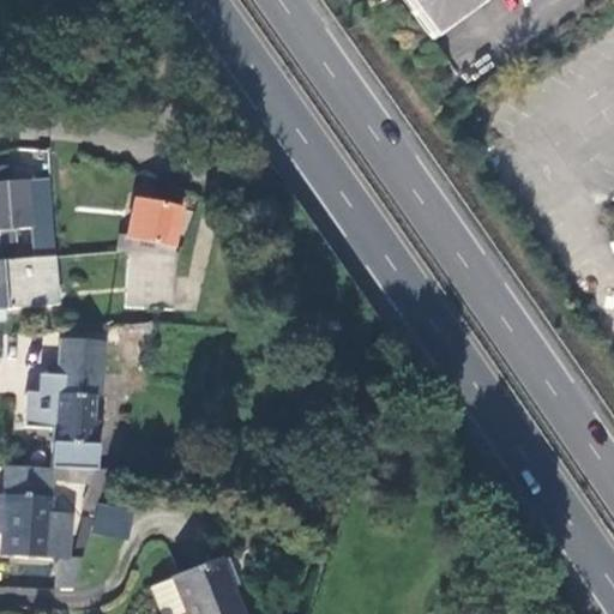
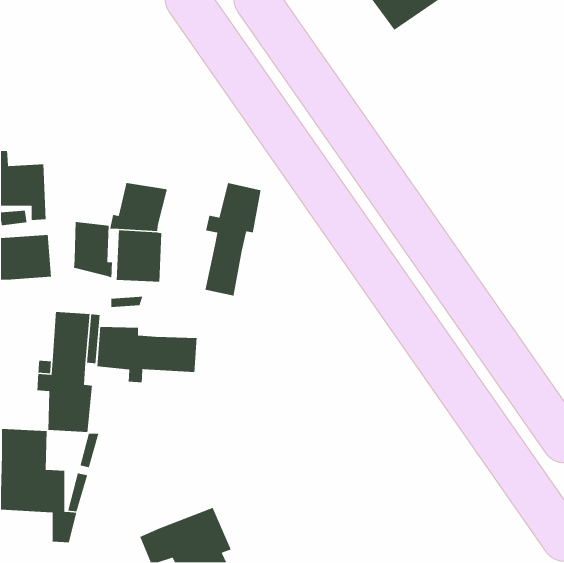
building: none -> [205,182,262,296]
building: none -> [73,221,113,279]
building: none -> [97,326,197,383]

